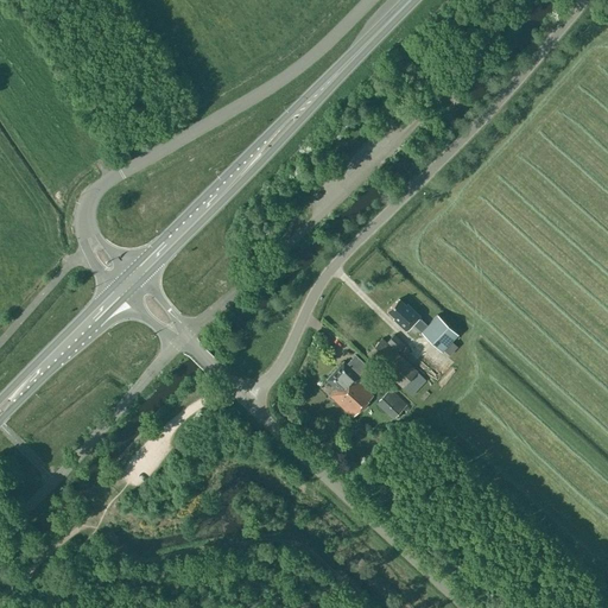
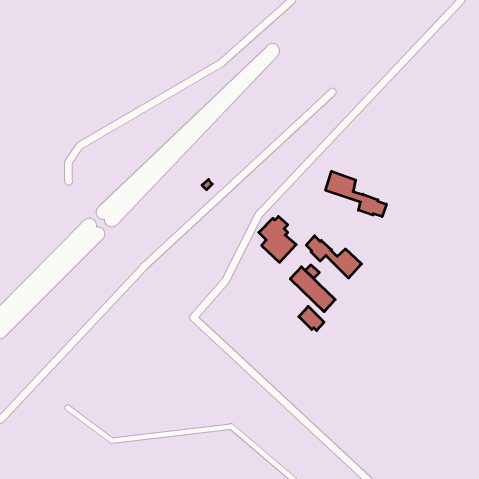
building: none -> [326,171,386,217]
building: [327,360,374,418] -> [259,216,296,262]

